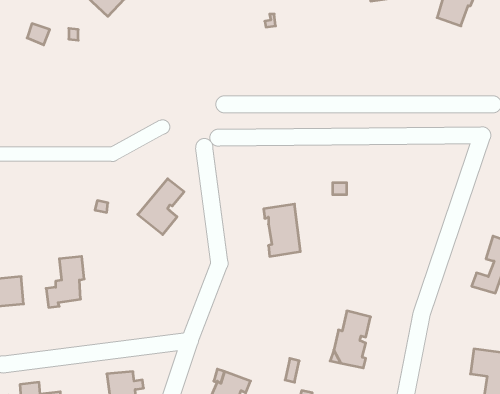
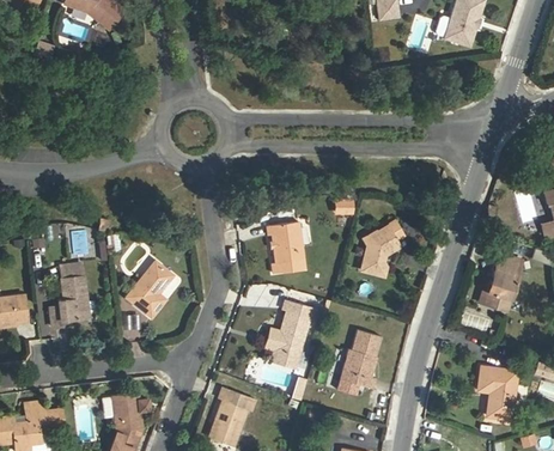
building: [138,179,184,235] -> [127,262,173,318]
building: none -> [359,214,401,275]
building: none -> [273,300,312,367]

